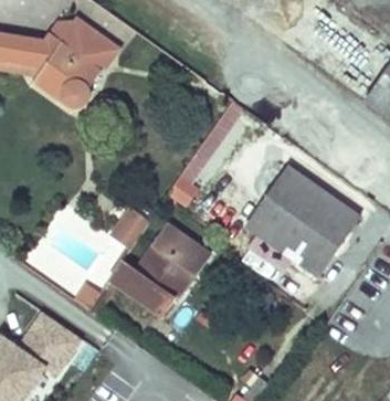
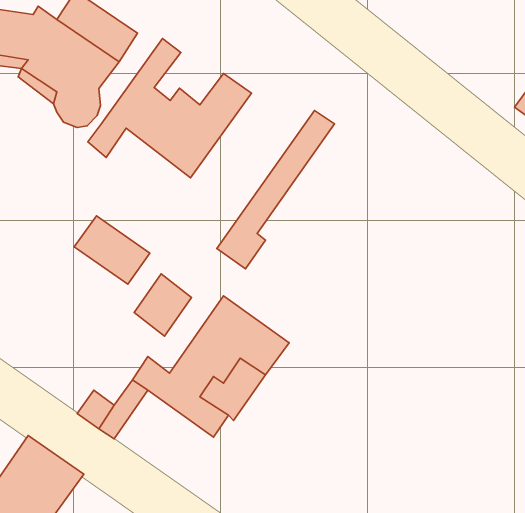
building: none -> [88,39,251,178]
building: [244,163,360,276] -> none
building: none -> [74,216,150,284]

